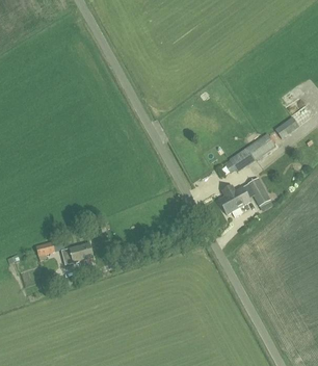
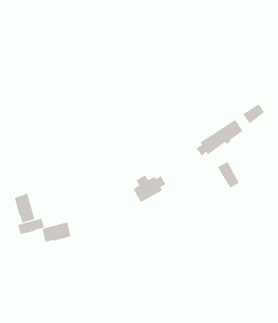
building: [218,184,254,214] -> [133,174,166,203]
building: none -> [14,193,35,224]

